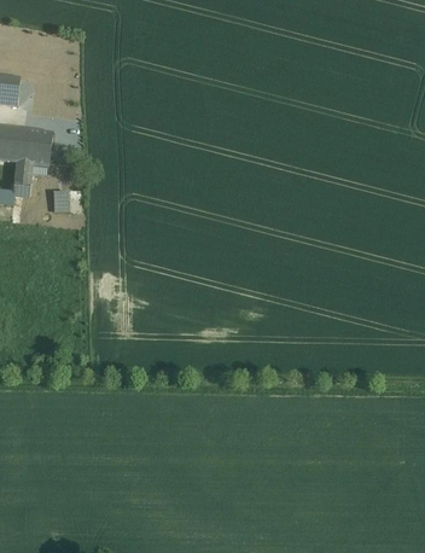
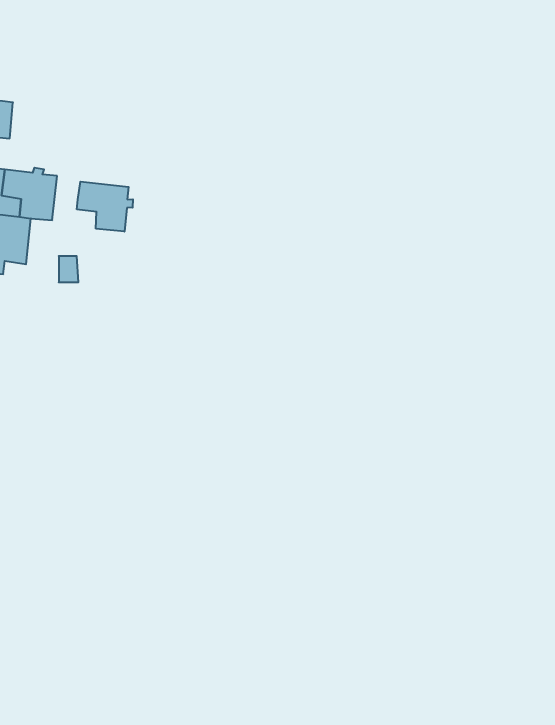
building: none -> [77,182,133,232]

